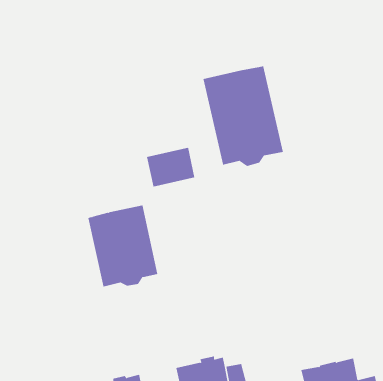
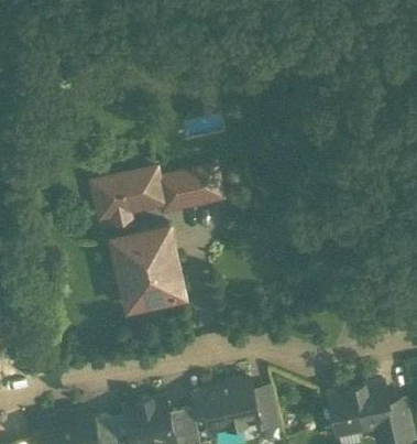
building: [203,66,283,167] -> none
building: none -> [92,172,164,240]

